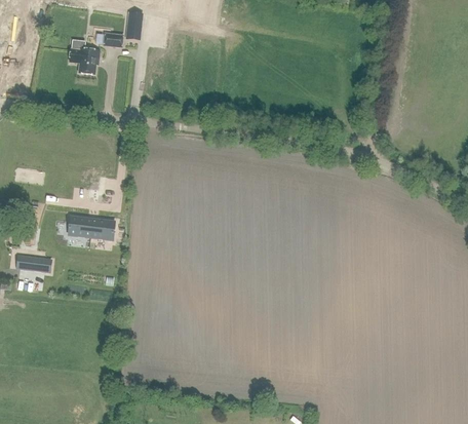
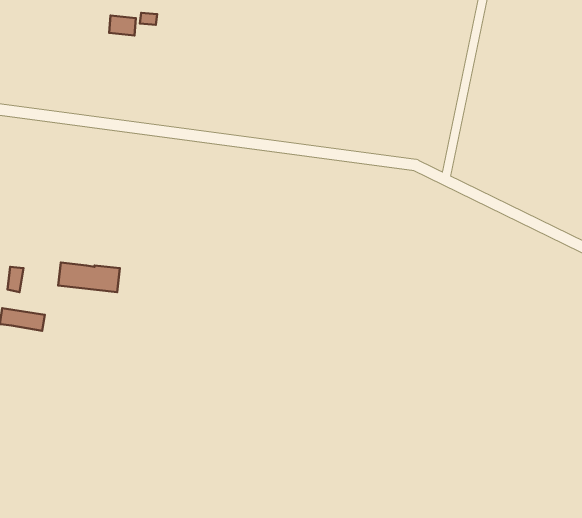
building: [70,37,101,72] -> none

